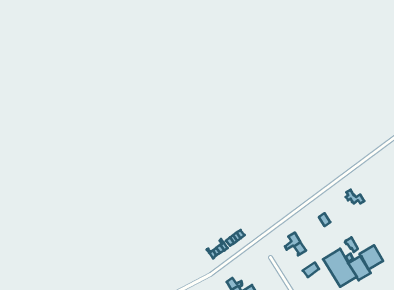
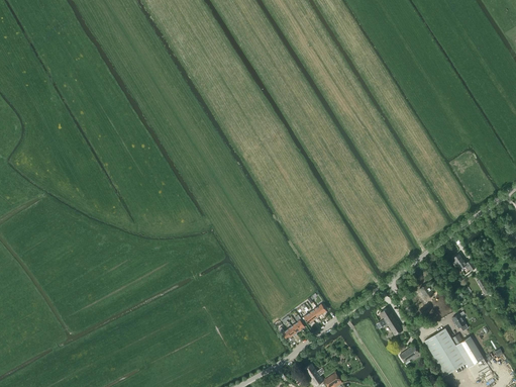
building: [360,245,383,270] -> none

